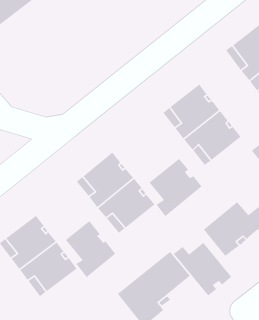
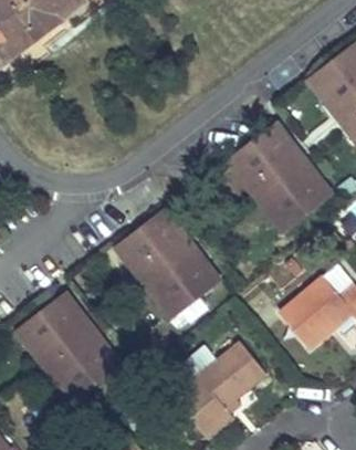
building: [149,158,202,217] -> none
building: [65,220,116,278] -> none
building: [173,242,232,297] -> none

